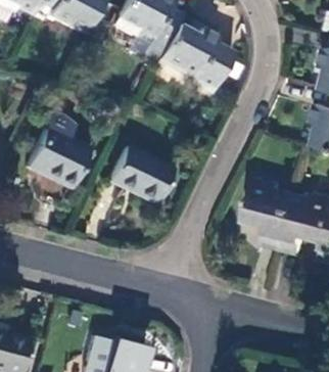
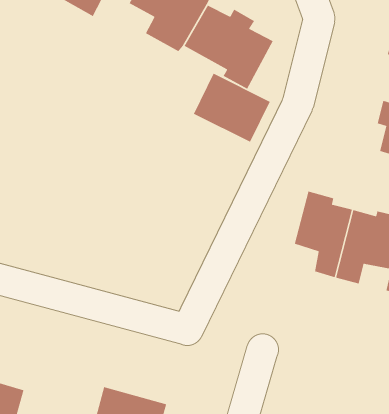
building: [26,110,88,205] -> none
building: [107,145,171,202] -> [193,73,271,143]

